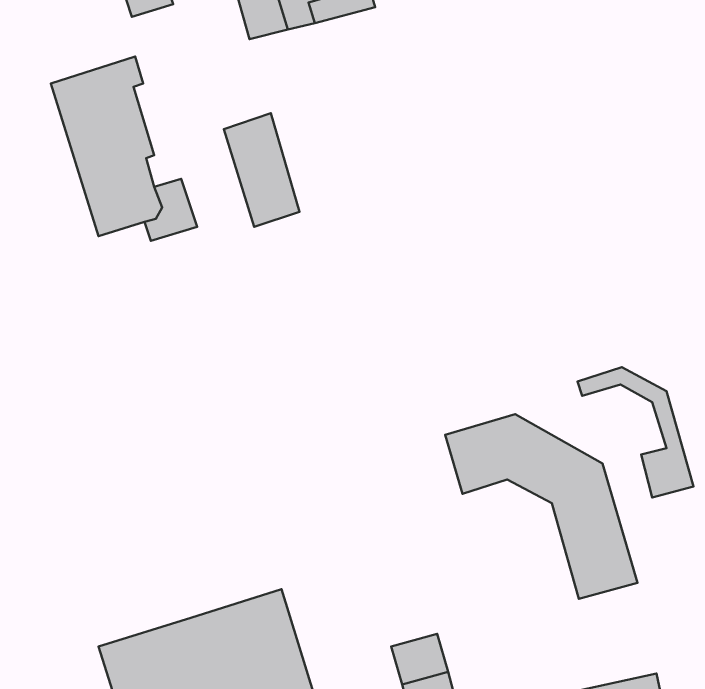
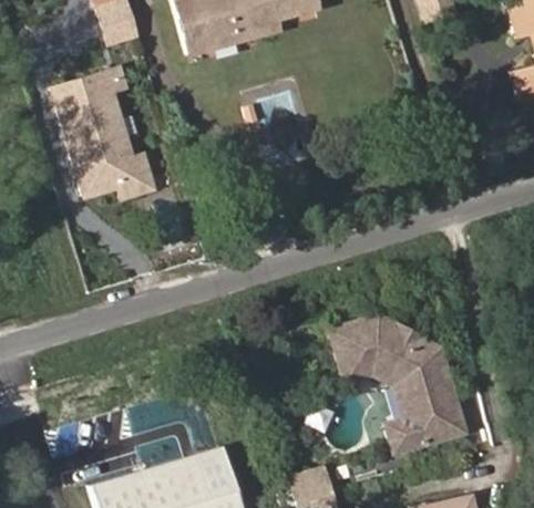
building: [224,113,299,227] -> none
building: [577,367,694,498] -> [342,362,423,453]

